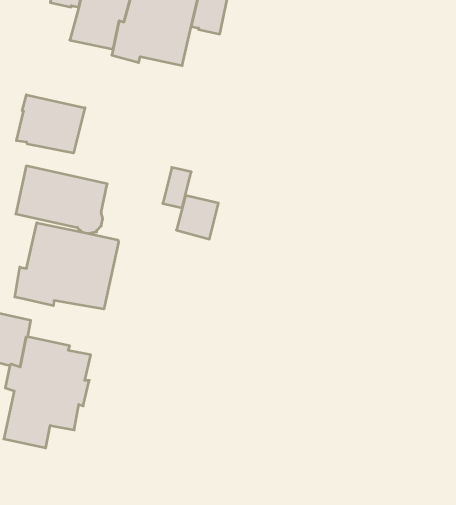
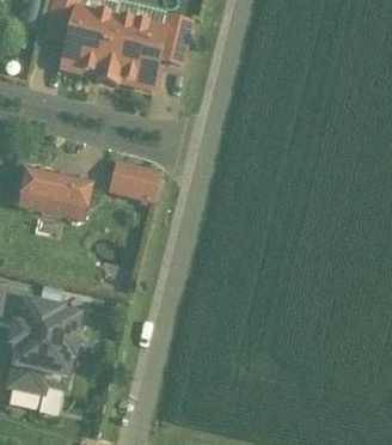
building: [16,95,85,153] -> none
building: [176,196,218,239] -> [109,161,142,196]
building: [15,223,119,309] -> none

